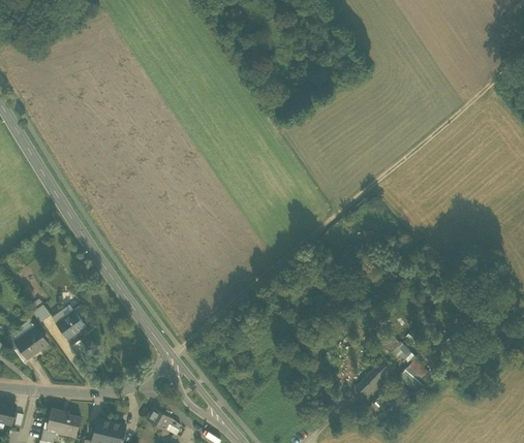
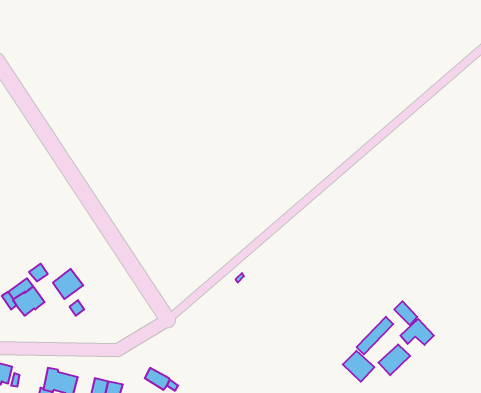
building: none -> [378,344,410,375]
building: none -> [343,351,374,382]

